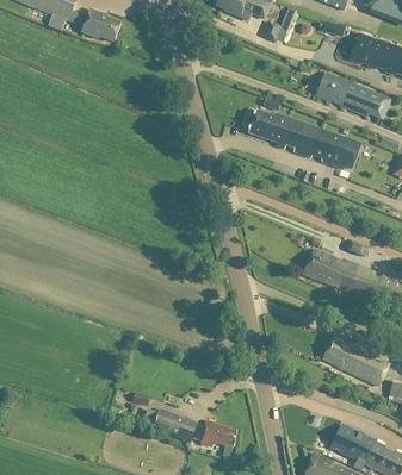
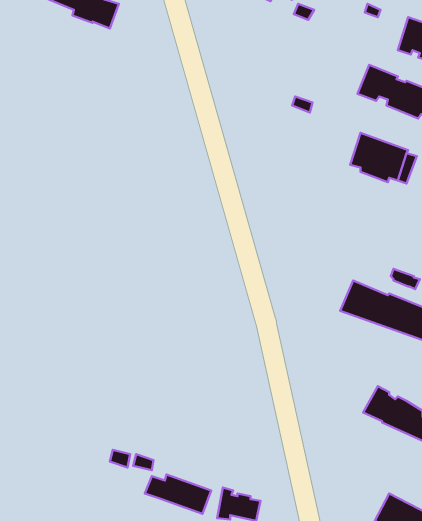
building: [247,110,318,156] -> none

